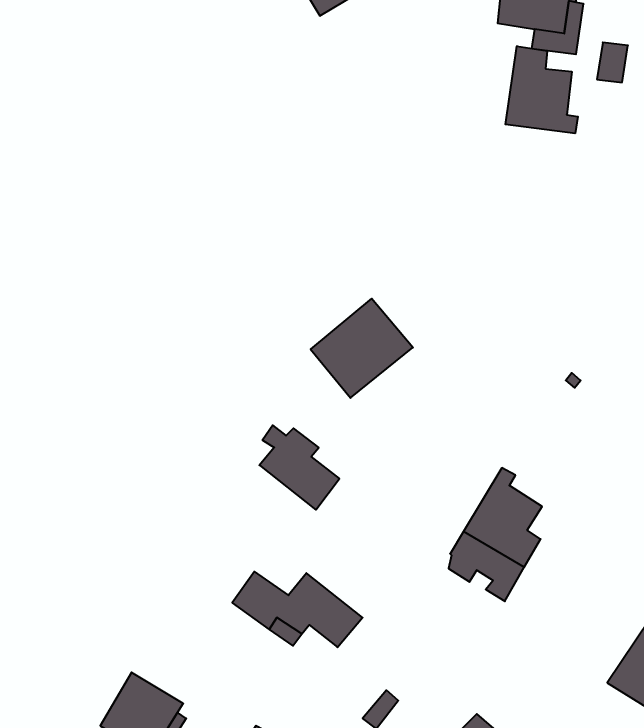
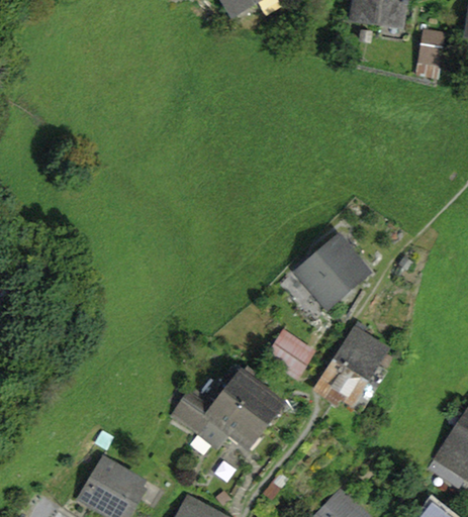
building: [505,46,578,133] -> none
building: [311,299,413,398] -> [297,239,367,307]
building: [259,425,339,510] -> [223,368,278,425]
building: none -> [267,333,310,376]

